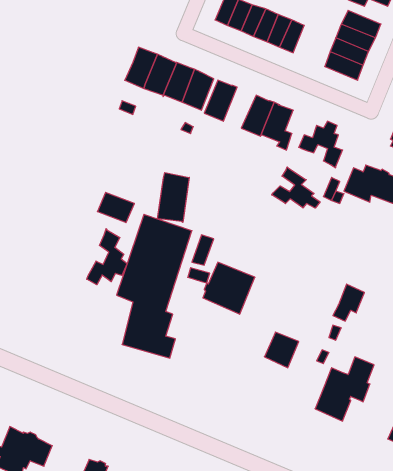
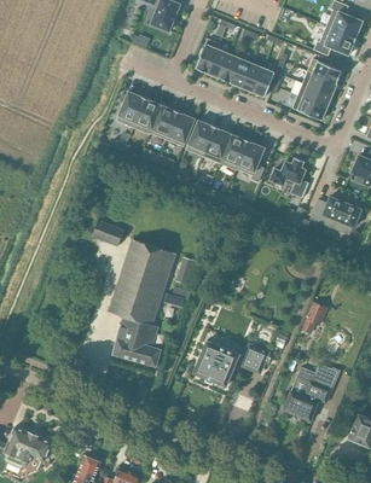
building: none -> [203,127,232,163]
building: [272,167,320,208] -> none
building: [157,173,189,222] -> none
building: [87,229,127,285] -> none
building: [203,262,255,314] -> [193,341,239,386]

